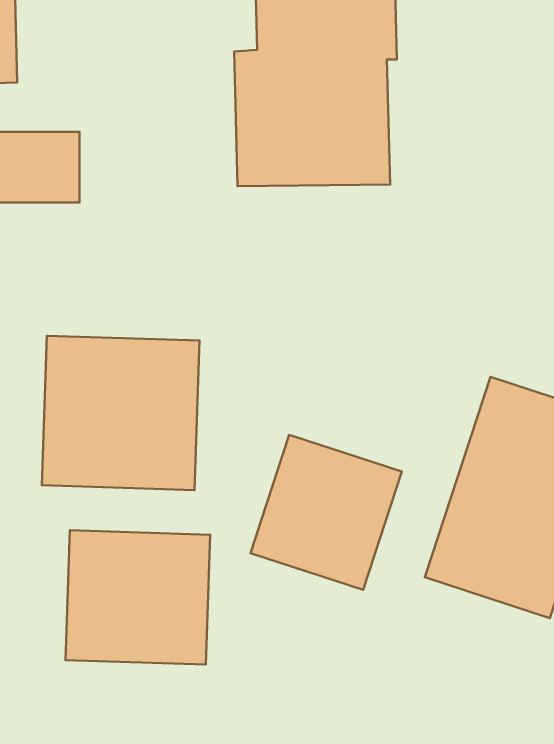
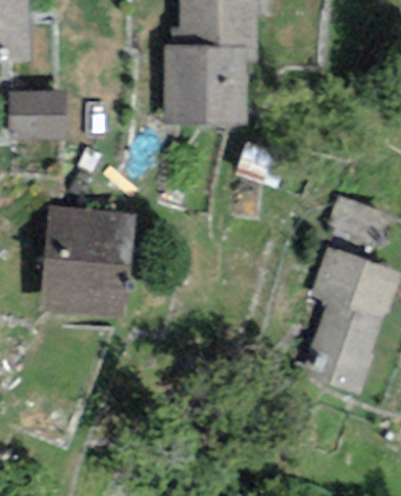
building: [250,435,402,590] -> none
building: [66,530,210,665] -> none

